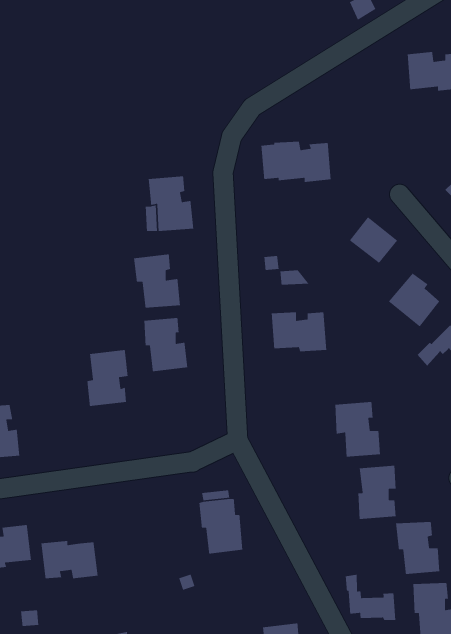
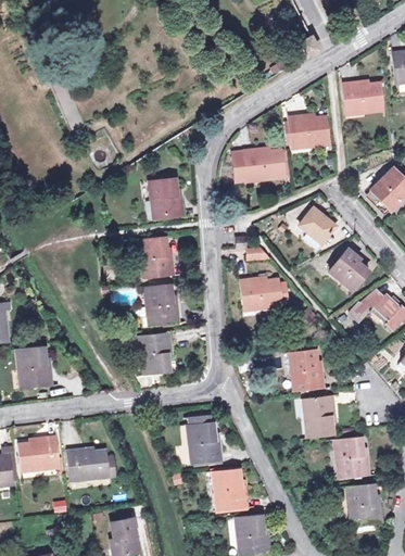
building: none -> [288,118,330,148]
building: [86,349,128,407] -> [140,331,172,375]
building: none -> [211,467,245,508]
building: [345,574,396,621] -> none

